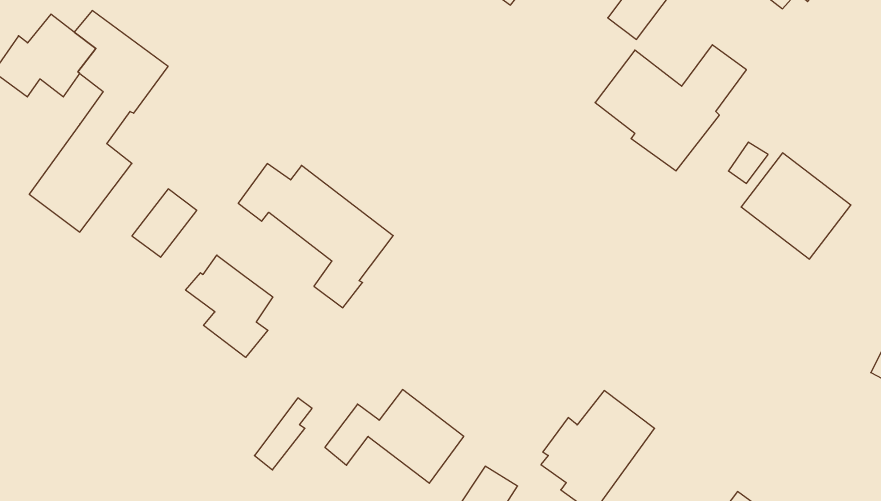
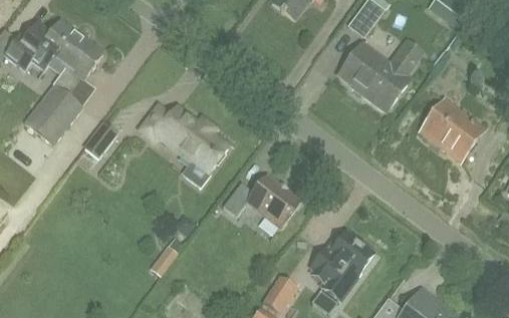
building: [186,255,273,357] -> none
building: [325,390,464,483] -> [224,174,301,226]

